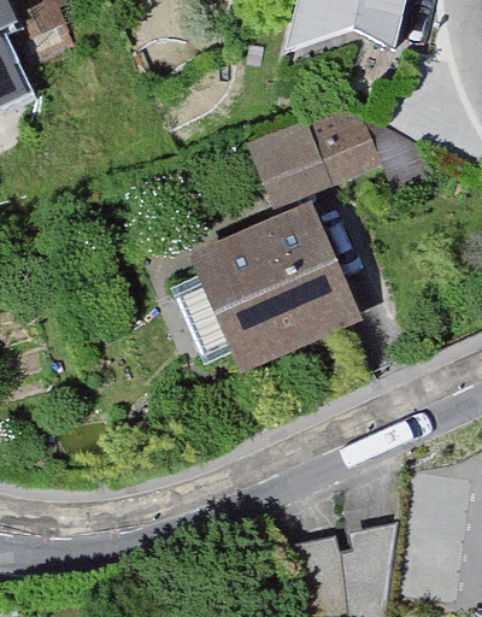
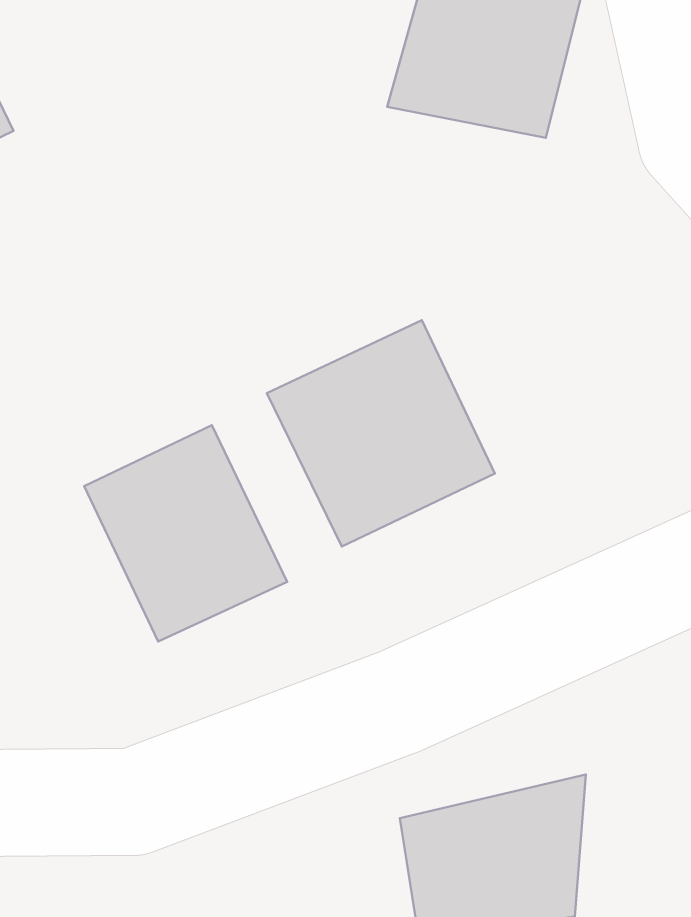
building: [268,114,376,193] -> none
building: none -> [84,425,287,642]

